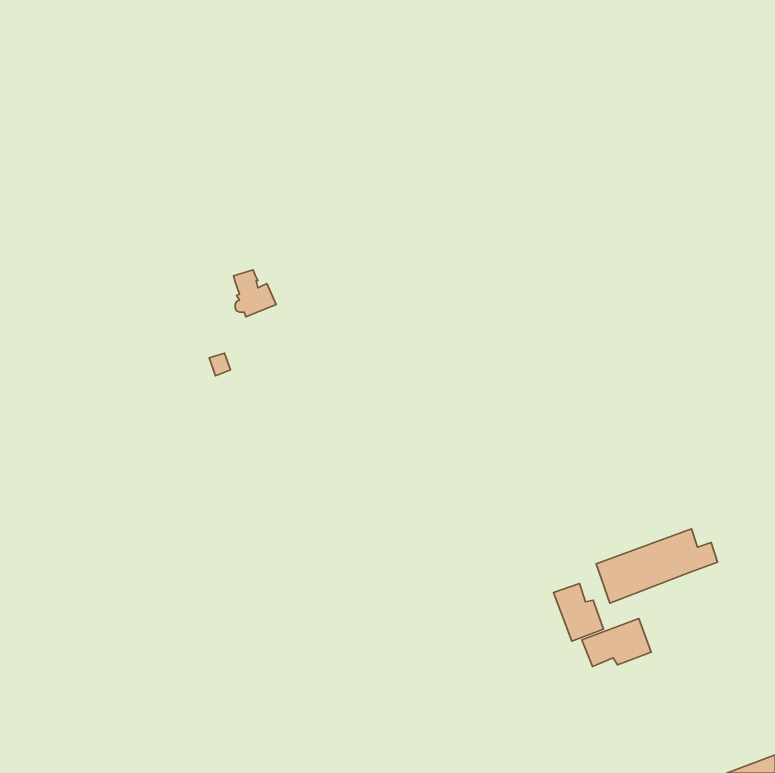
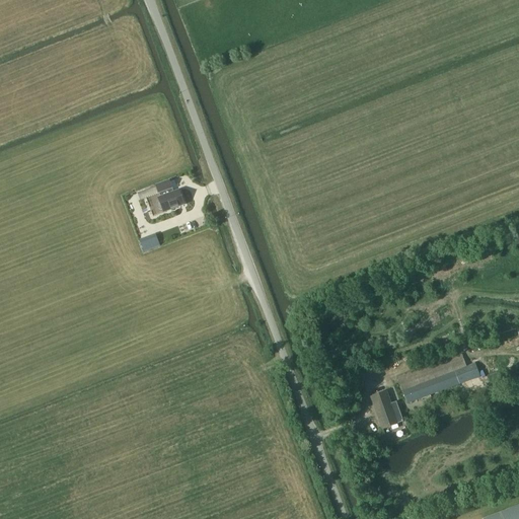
building: [582,619,651,667] -> none

